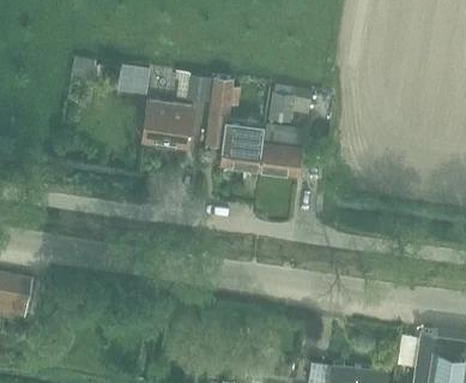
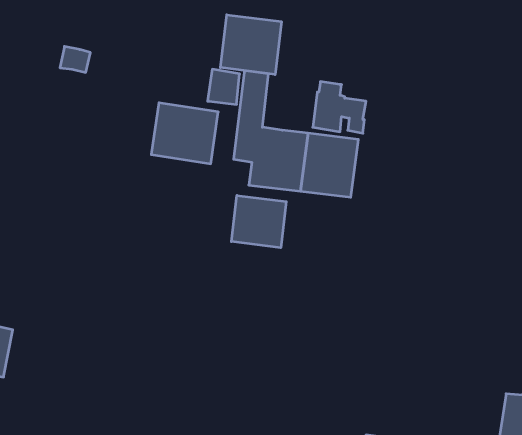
building: none -> [220,15,281,75]
building: [116,65,156,97] -> none
building: none -> [231,195,286,248]

